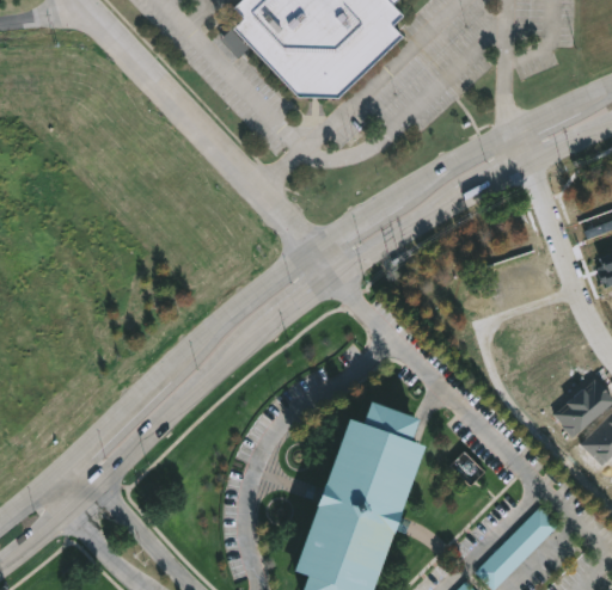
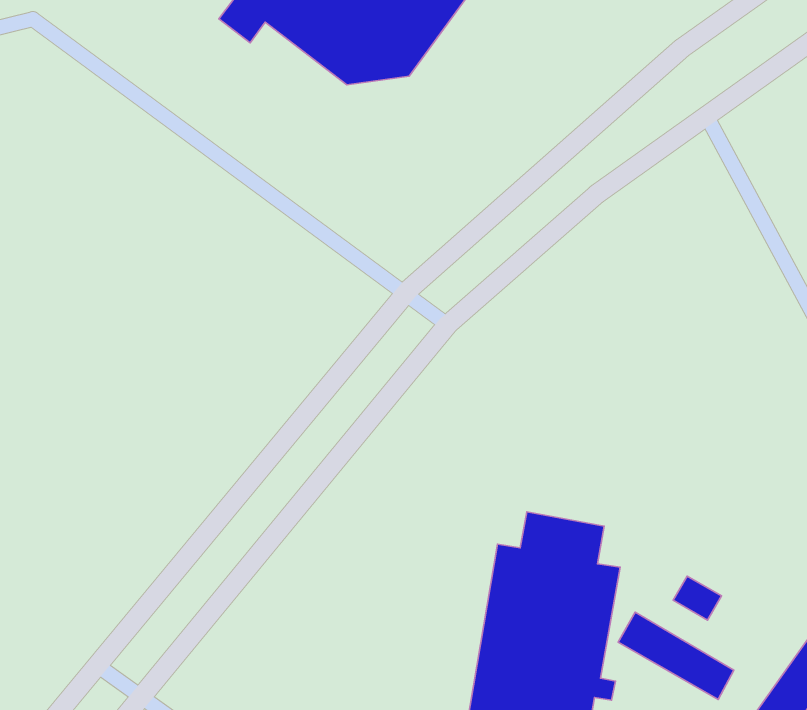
building: none -> [618,612,734,699]

